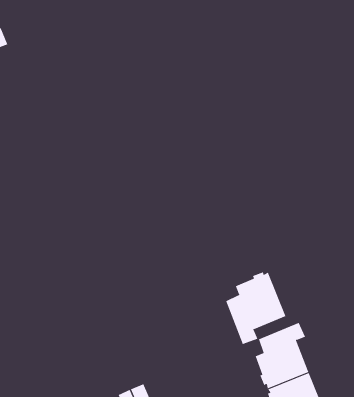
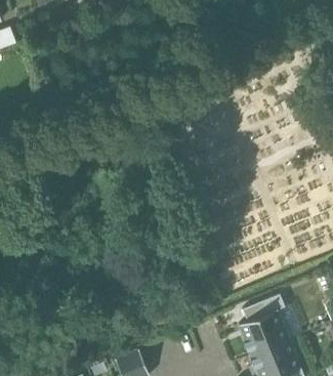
building: [225,272,286,345] -> none

